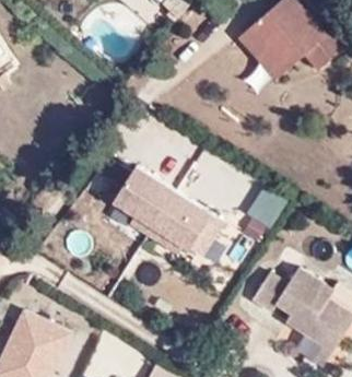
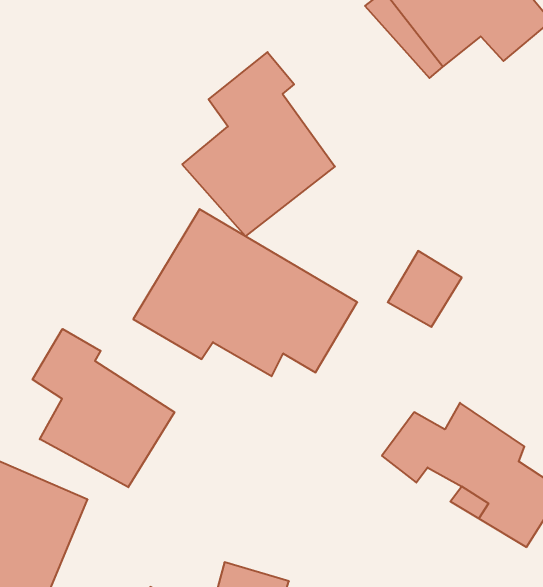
building: none -> [182,52,335,236]
building: none -> [33,329,174,487]

